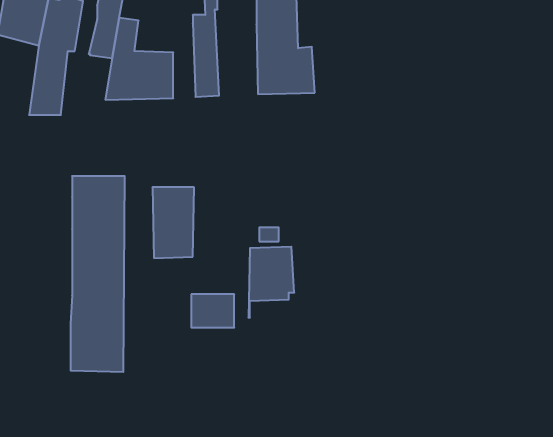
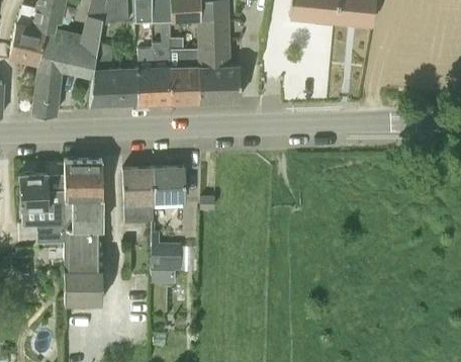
building: none -> [168,38,199,101]
building: none -> [136,49,154,103]
building: none -> [19,172,64,248]
building: [248,247,294,318] -> [152,167,185,218]

